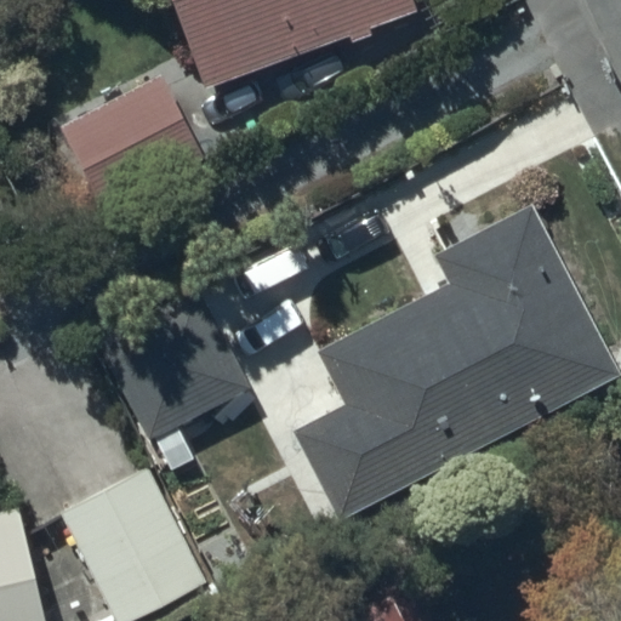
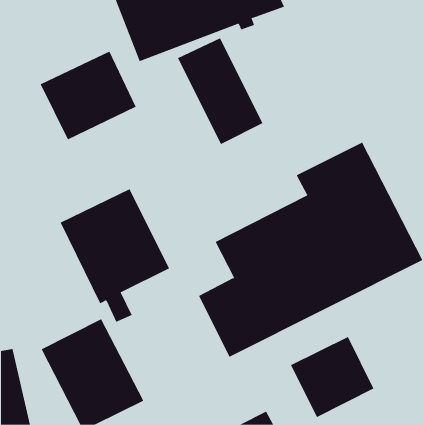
building: none -> [177,38,263,145]
building: none -> [290,336,374,418]

